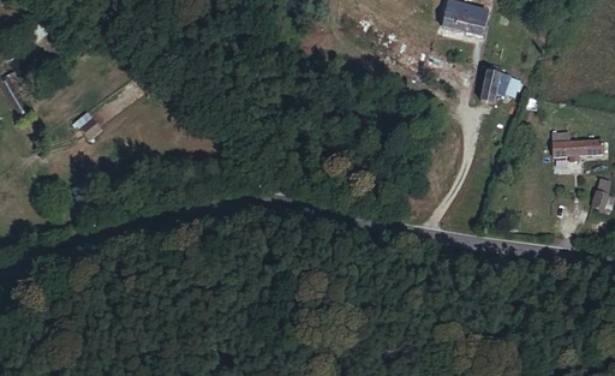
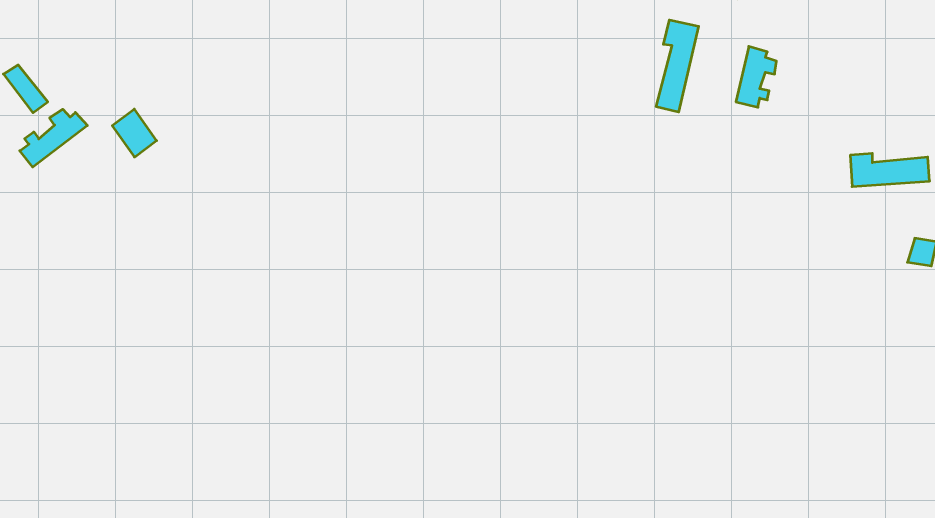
building: none -> [656,20,699,112]
building: none -> [20,109,87,167]

